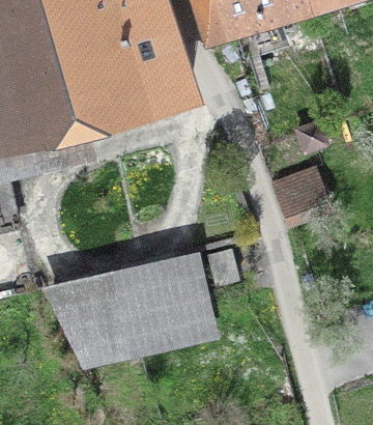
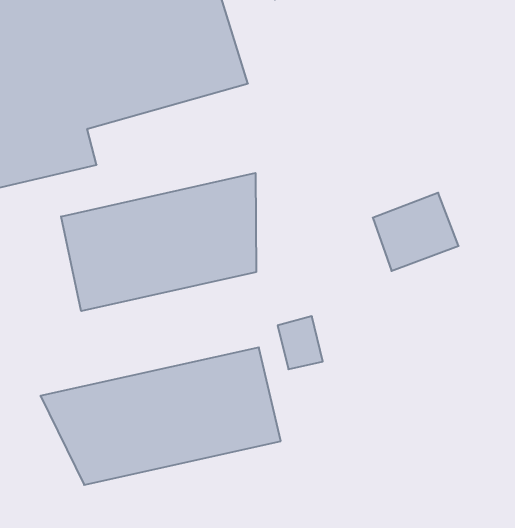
building: none -> [61,173,256,311]

